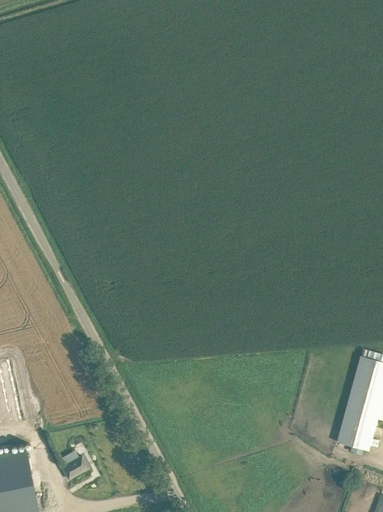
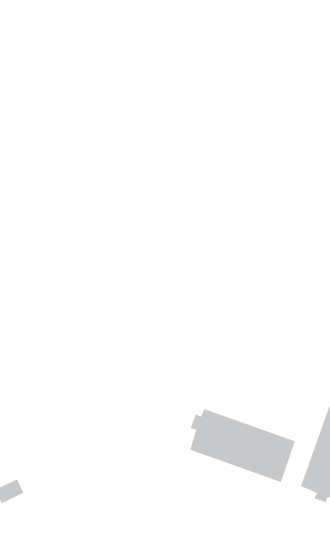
building: none -> [190,408,296,483]

